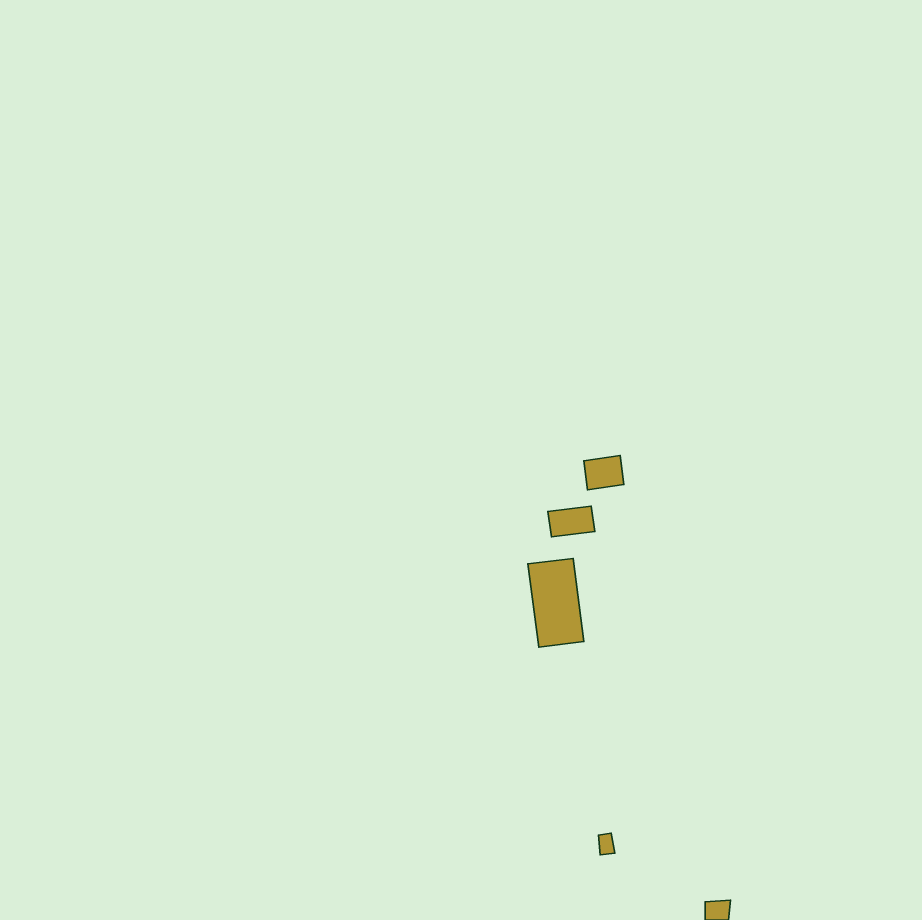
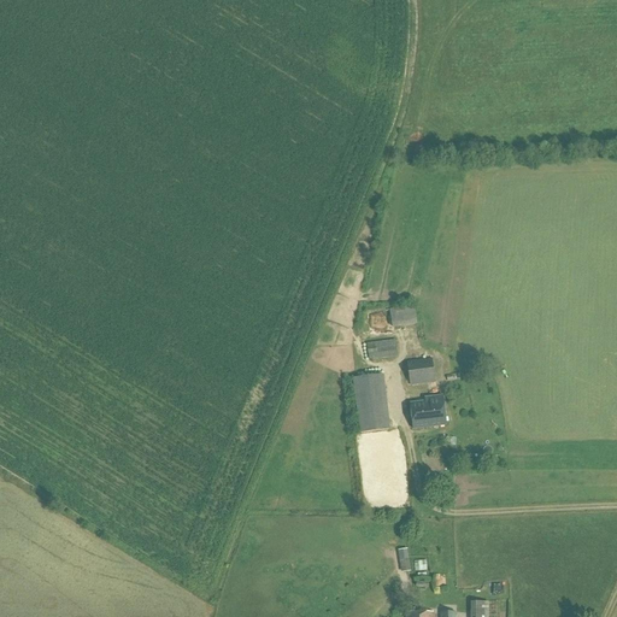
building: none -> [406,357,434,383]
building: none -> [410,393,446,427]

